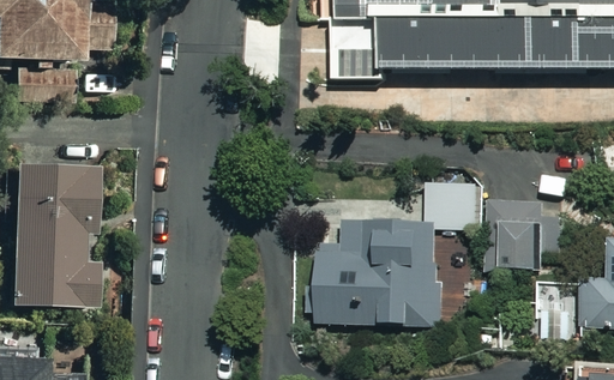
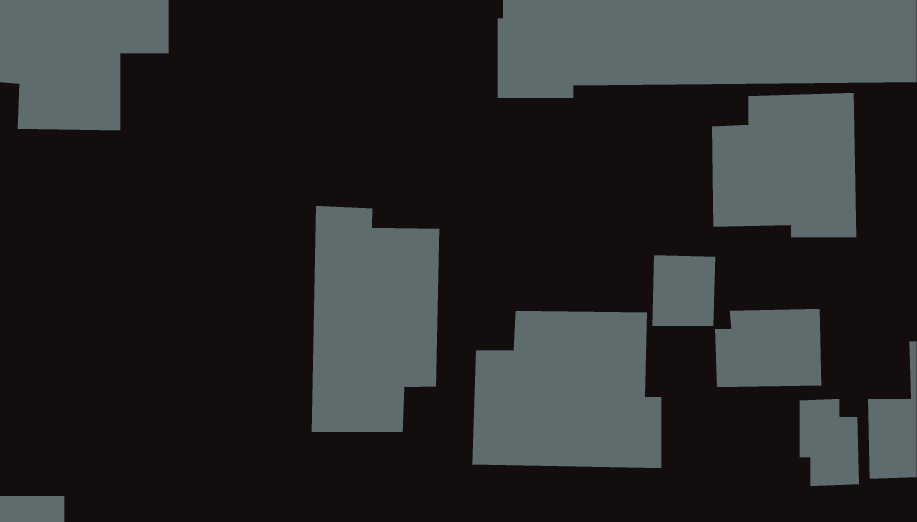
building: none -> [711,92,857,238]
building: none -> [311,205,440,433]
building: [11,162,98,307] -> none

